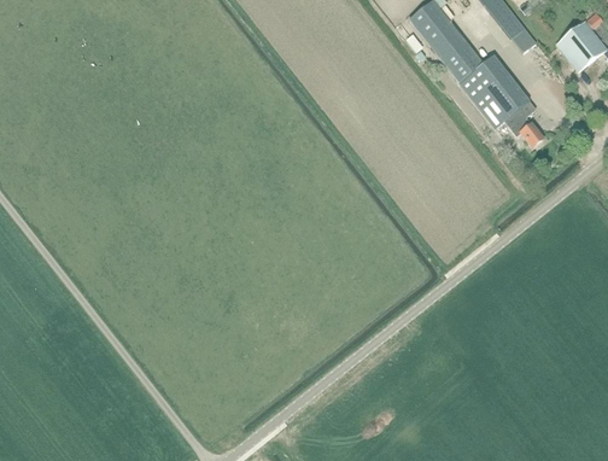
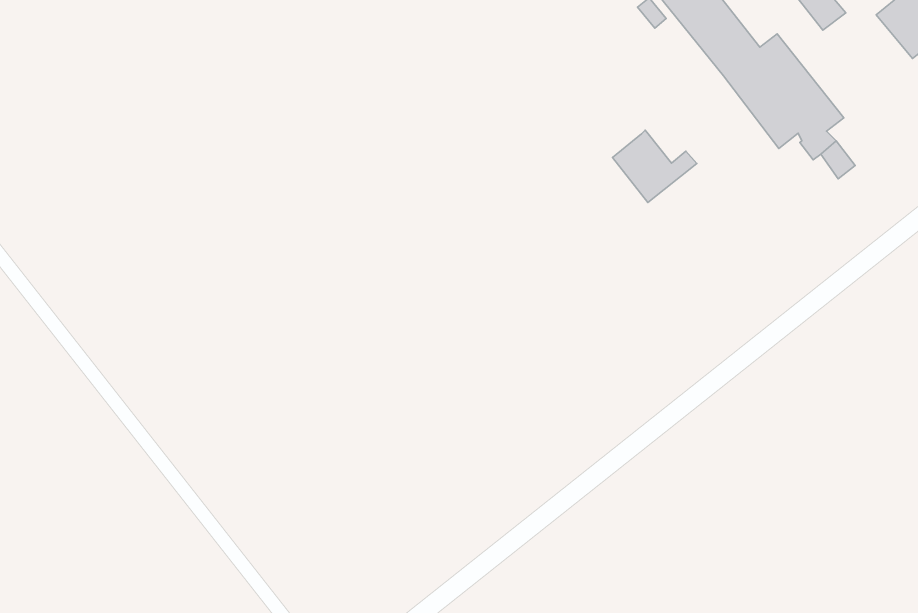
building: none -> [613,130,697,203]

